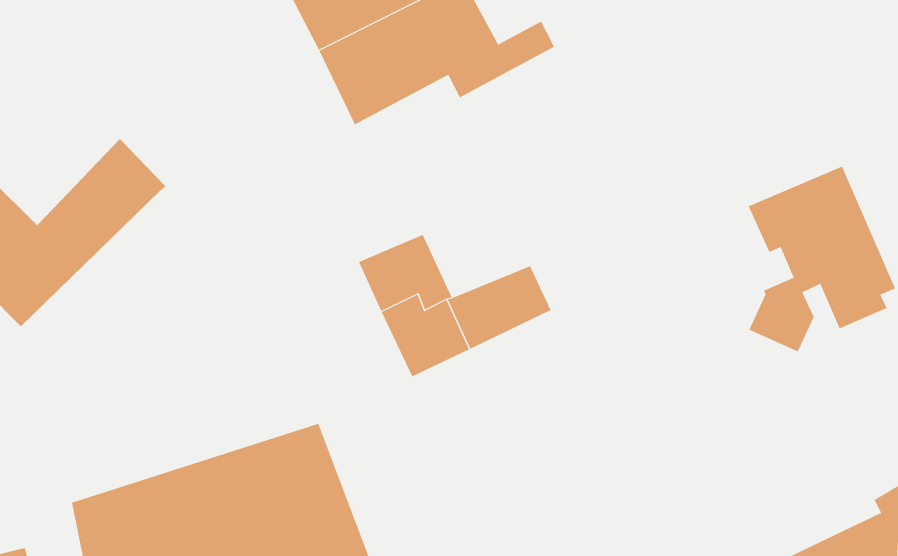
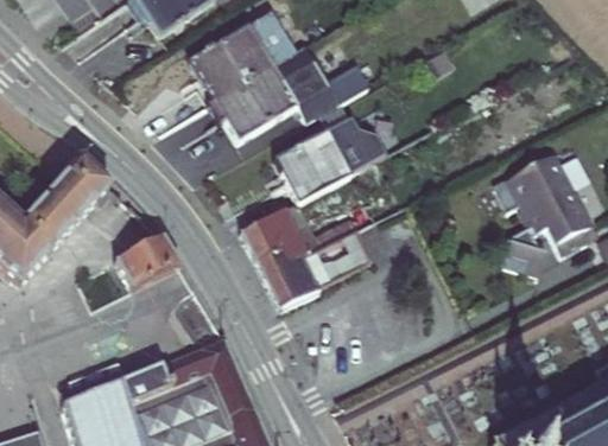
building: none -> [277,119,387,202]
building: none -> [94,234,179,288]

